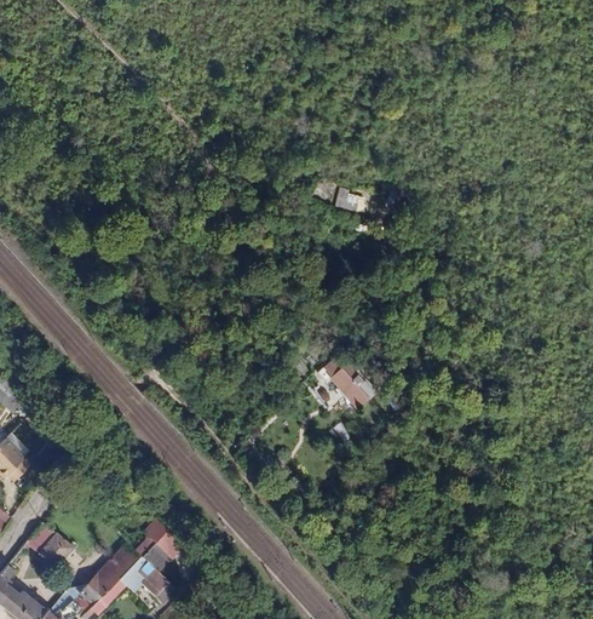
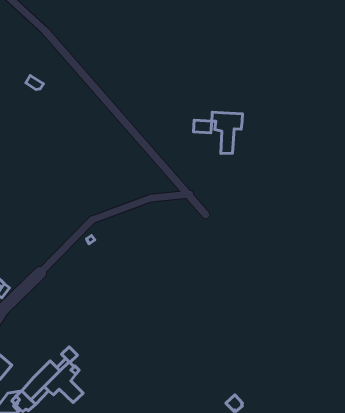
building: none -> [212,112,242,153]
building: [323,350,374,406] -> none

